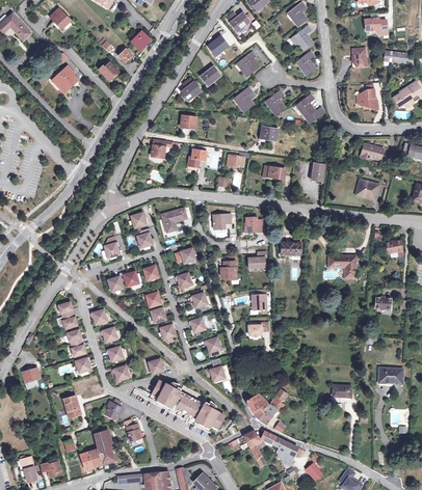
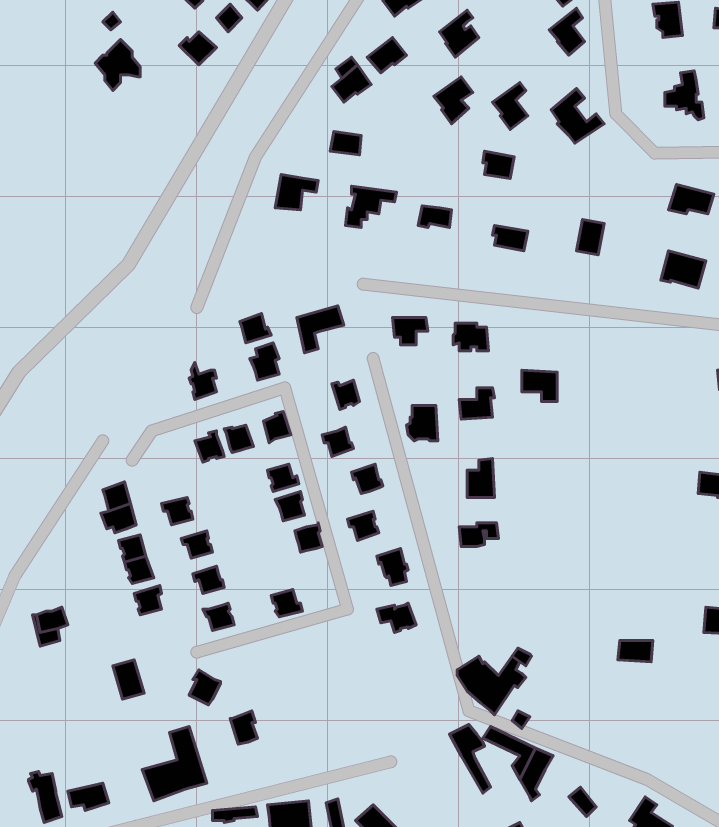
building: [328,255,355,277] -> none
building: [150,380,225,430] -> none

